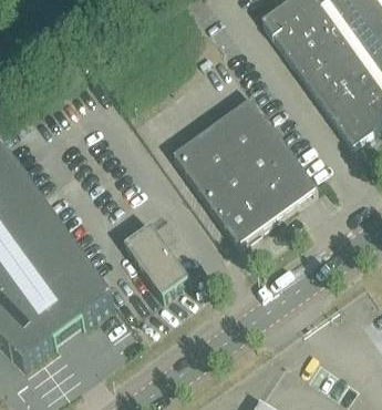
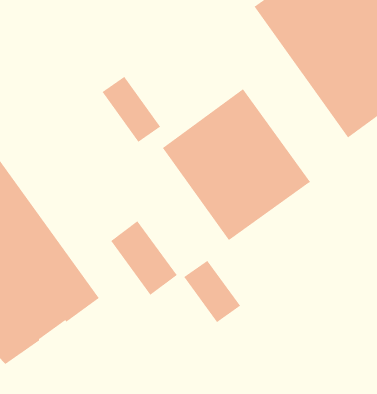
building: none -> [102,76,161,143]
building: none -> [183,260,241,323]

